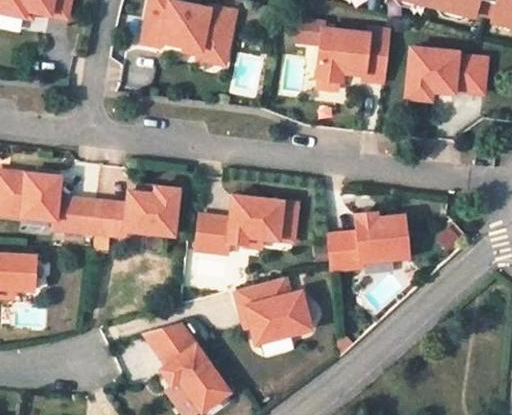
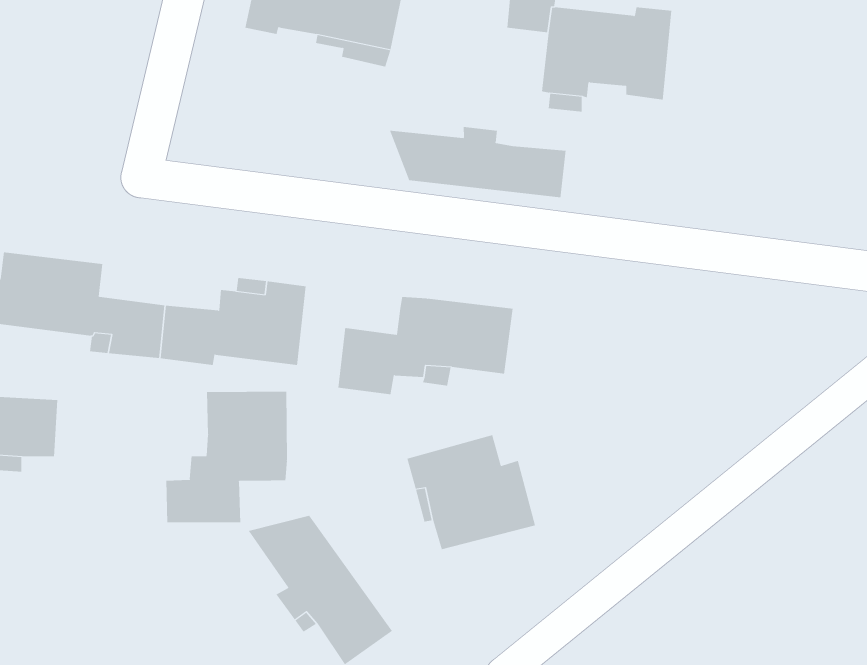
building: [406,48,487,100] -> none
building: none -> [389,126,566,198]
building: [327,213,408,270] -> none
building: none -> [166,391,287,523]

